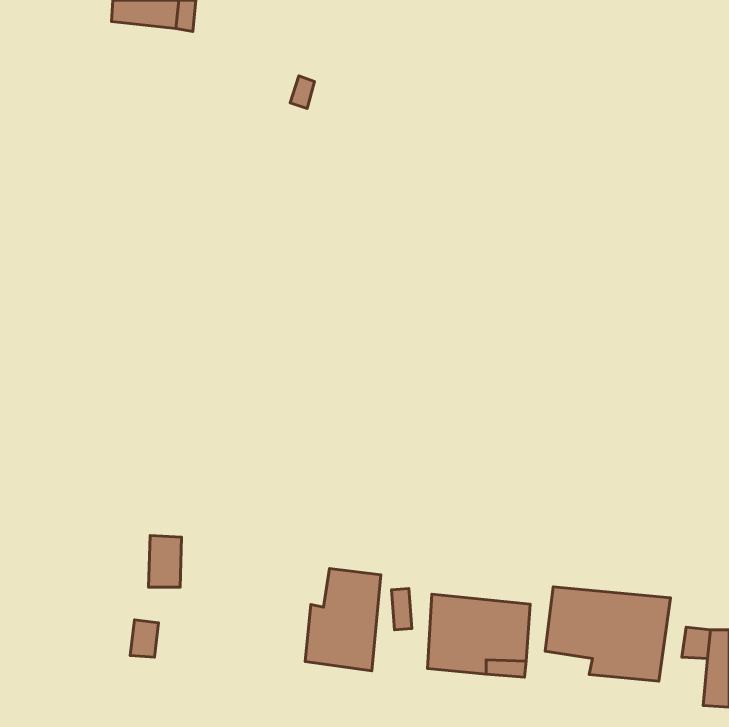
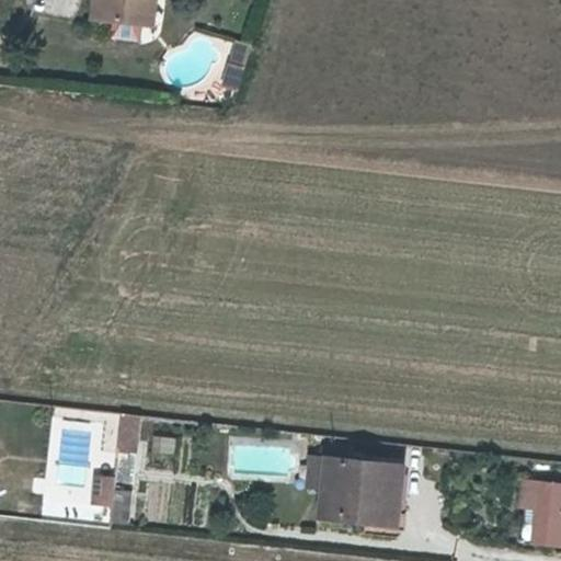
building: [305,568,381,671] -> none
building: [545,587,670,681] -> none

